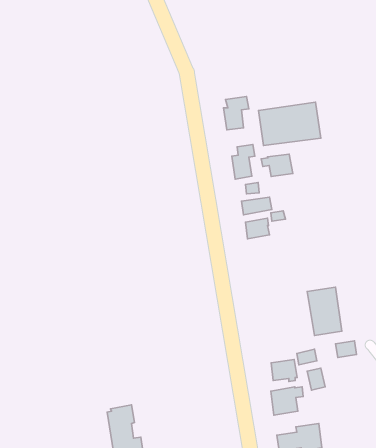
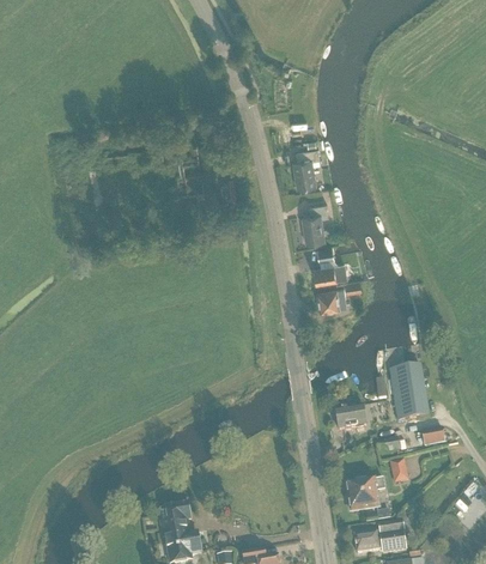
building: [259,102,321,145] -> none
building: [261,154,293,177] -> none
building: [271,360,297,382] -> [335,404,365,429]

